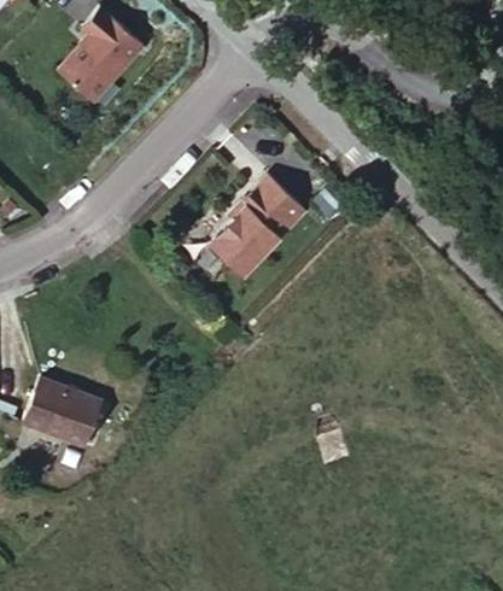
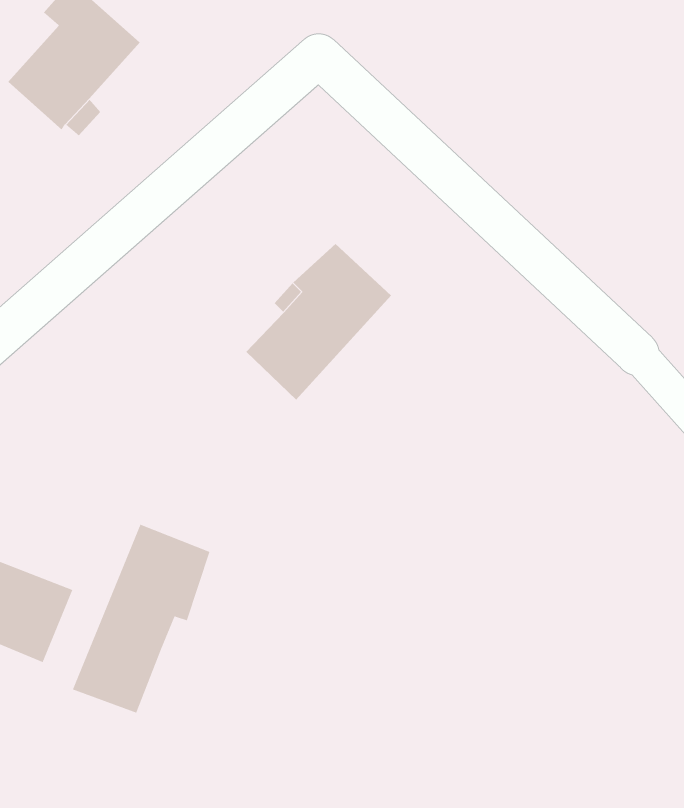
building: none -> [72,524,210,714]

